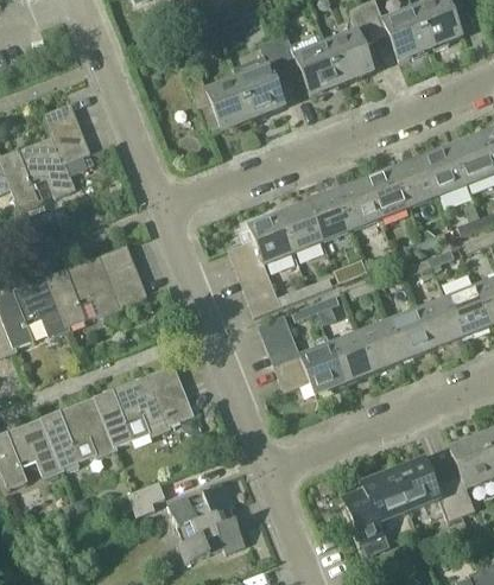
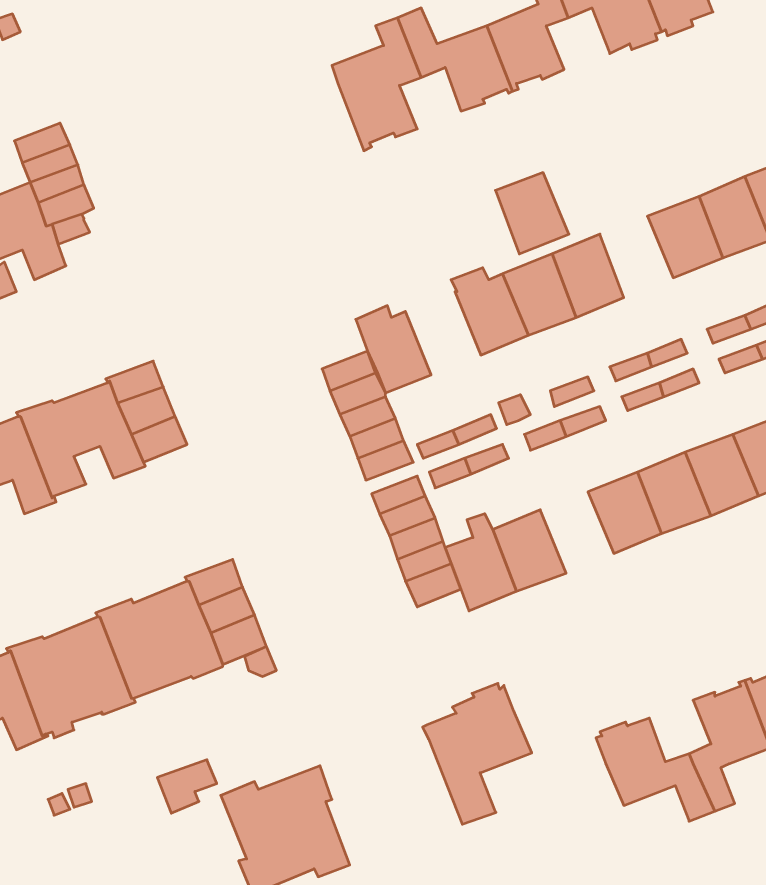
building: [184,68,252,131] -> none
building: [393,158,437,206] -> [495,173,569,254]
building: [277,203,322,253] -> none
building: [357,323,401,371] -> none
building: [342,469,407,553] -> [423,683,532,824]

